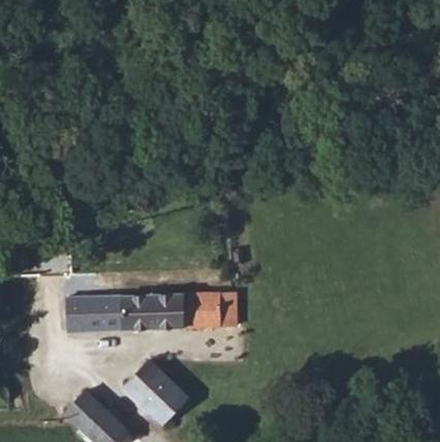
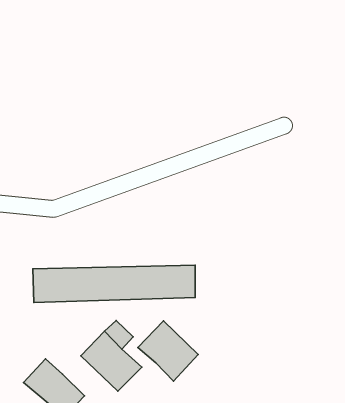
building: none -> [138,321,198,381]

